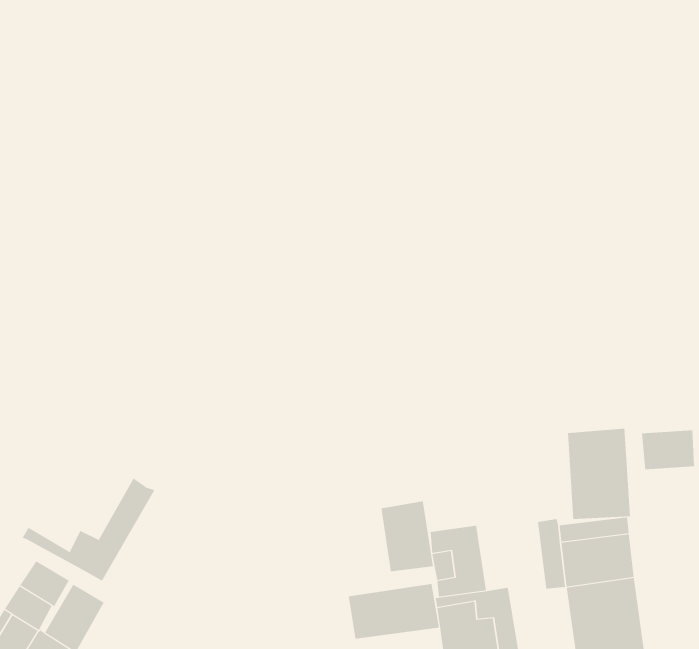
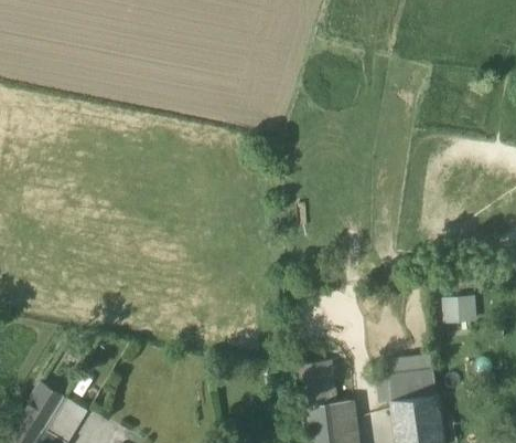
building: [568,428,630,520] -> none
building: [22,477,155,582] -> none
building: [381,500,434,572] -> none
building: [348,583,439,640] -> none

